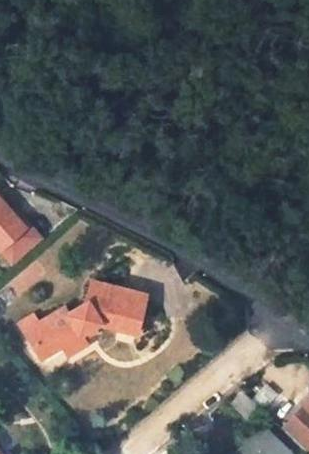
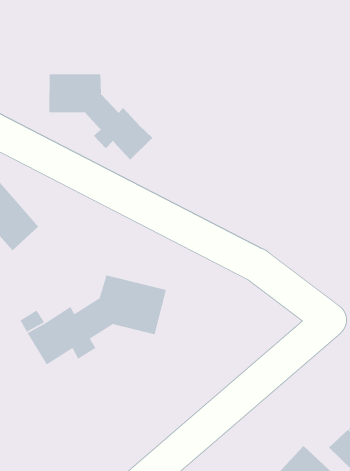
building: none -> [48,74,153,160]

